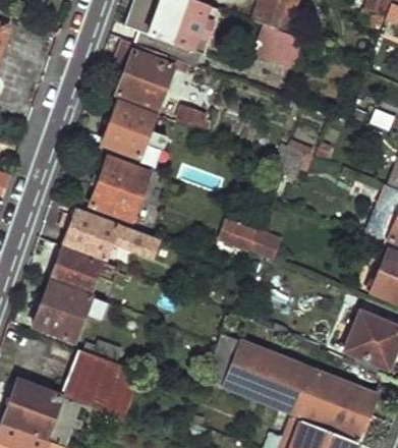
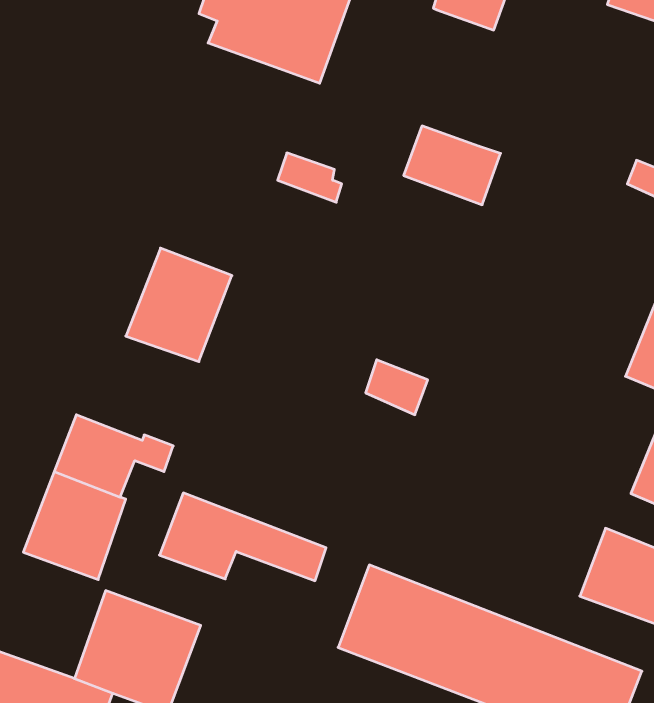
building: [252,25,306,69] -> [404,126,501,205]
building: [110,39,175,108] -> none
building: [103,104,154,157] -> none
building: [64,211,157,260] -> [159,493,326,581]

